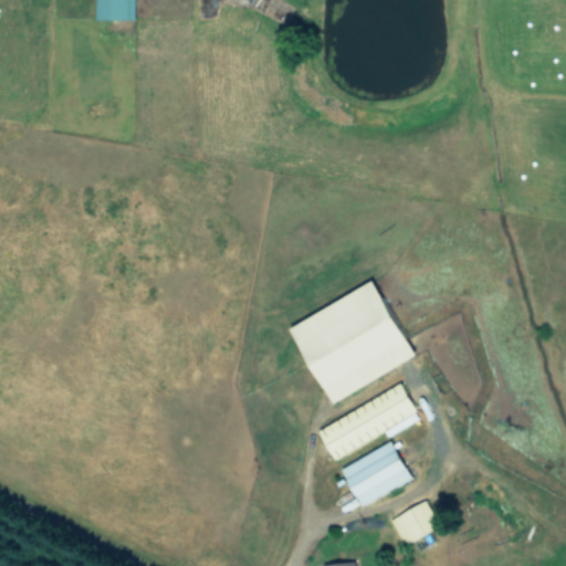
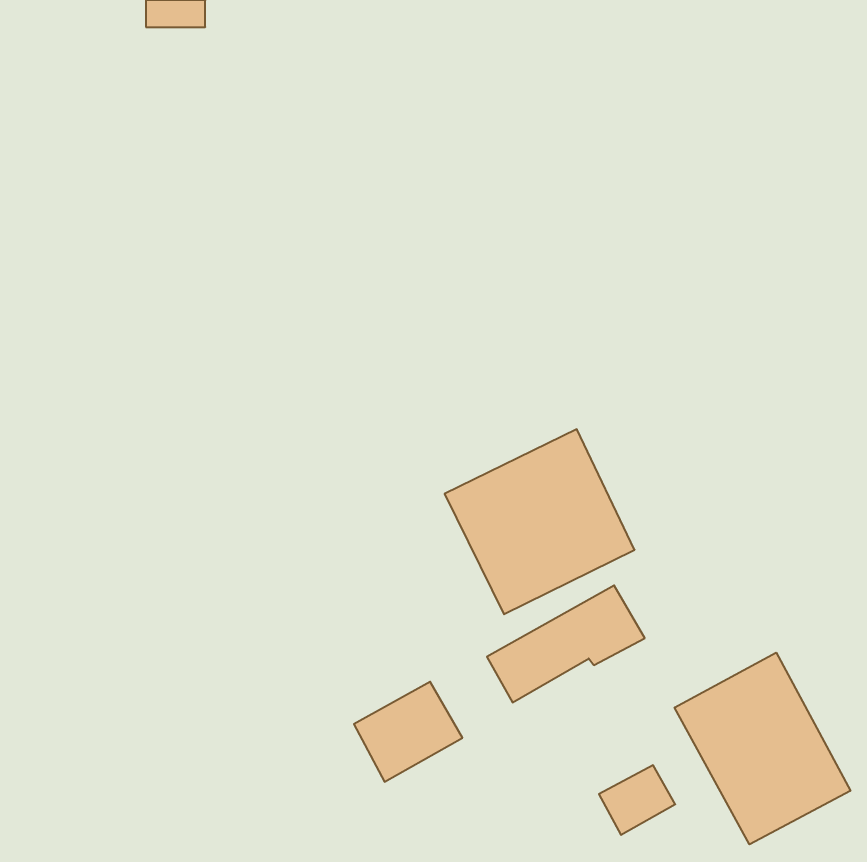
building: none -> [675,653,850,844]
building: [340,442,411,507] -> [354,682,462,782]

